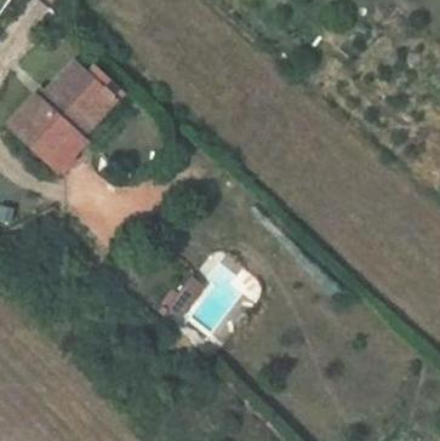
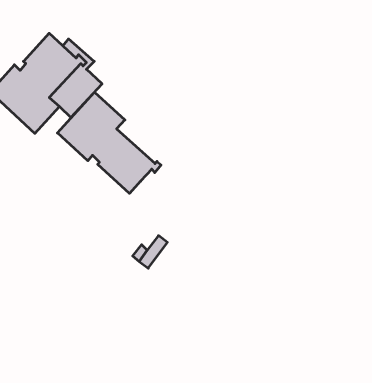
building: none -> [57,92,161,193]

